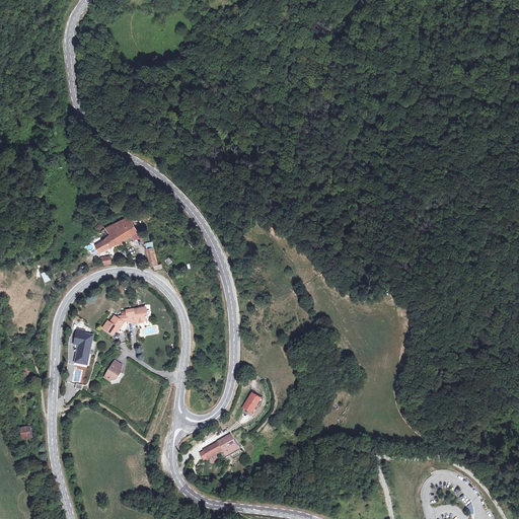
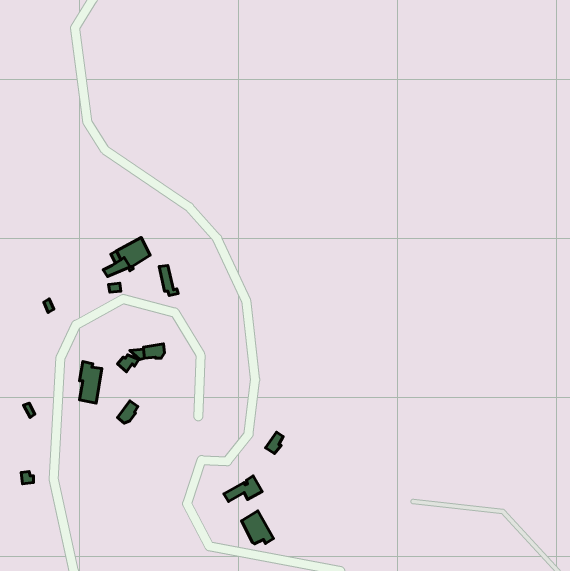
building: none -> [242,511,273,544]

